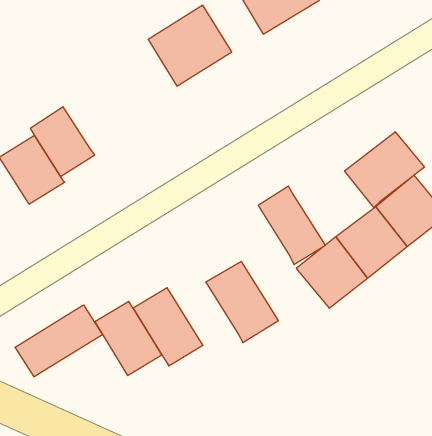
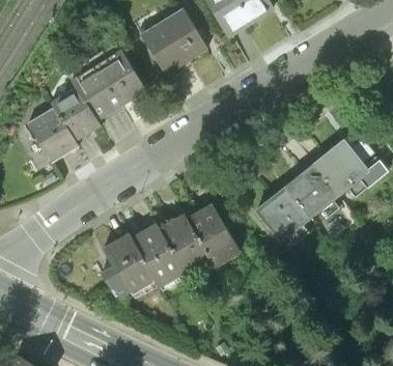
building: none -> [75,53,147,120]
building: [345,132,424,208] -> none
building: [258,186,325,264] -> [159,216,209,275]
building: [15,305,103,377] -> none

